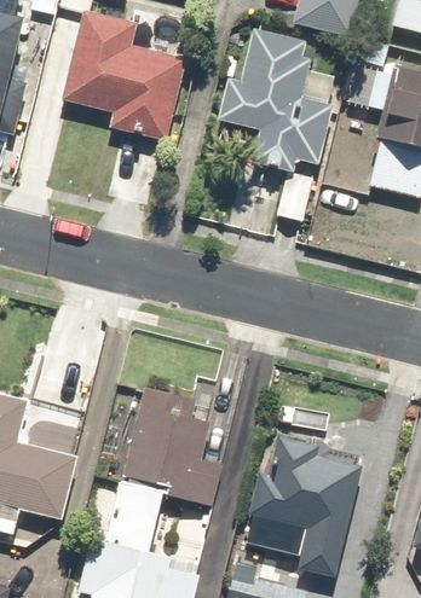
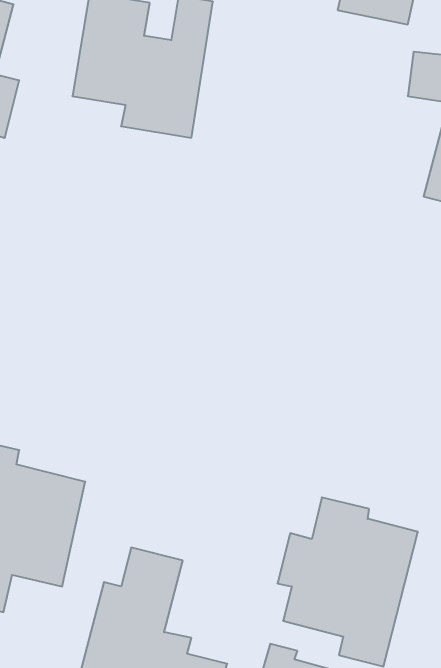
building: [219,28,331,173] -> none
building: [119,387,223,505] -> none

